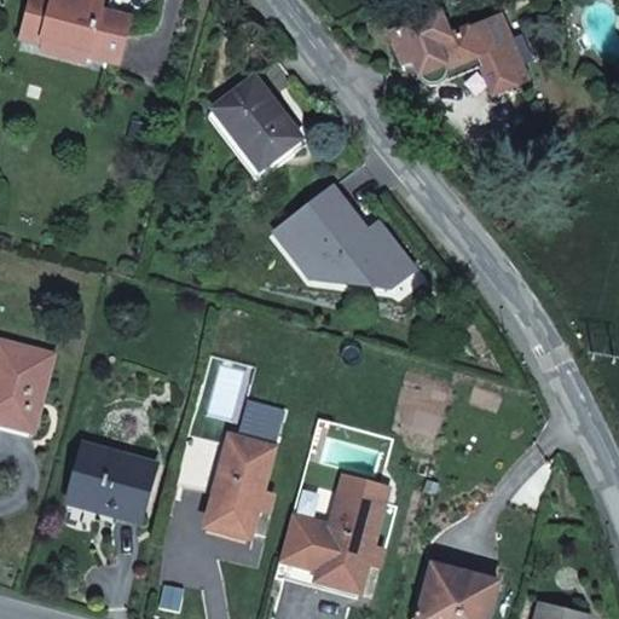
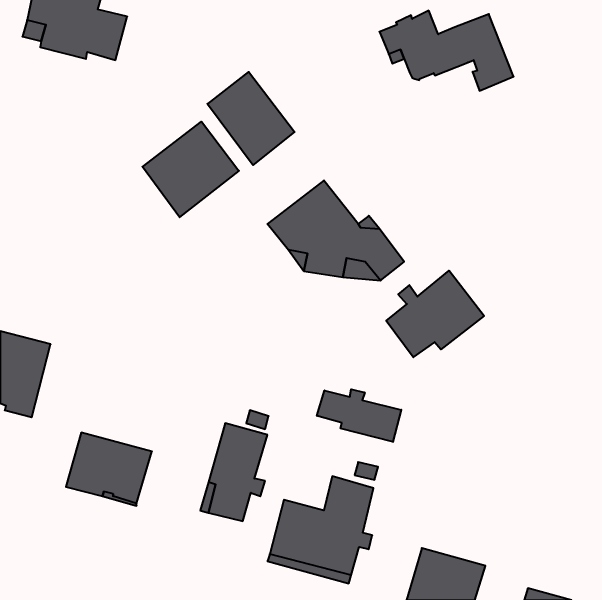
building: none -> [142,122,239,217]
building: none -> [386,271,484,357]
building: none -> [317,389,401,442]

